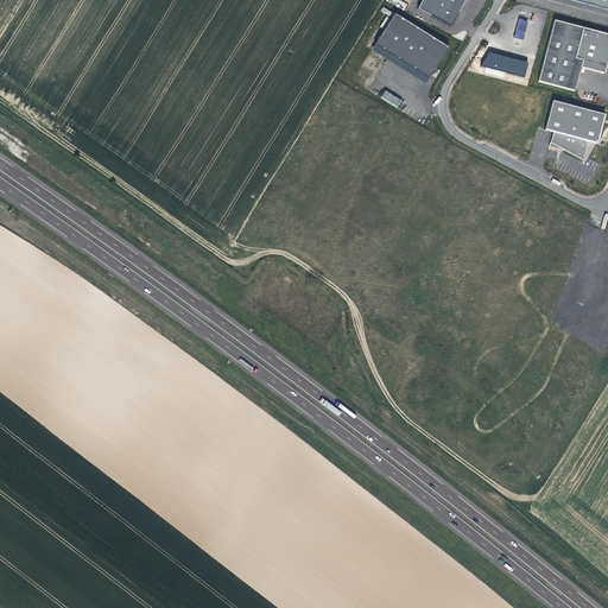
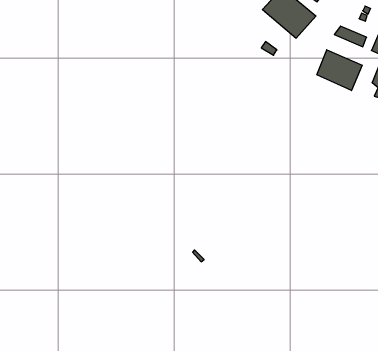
building: none -> [317,50,362,91]

